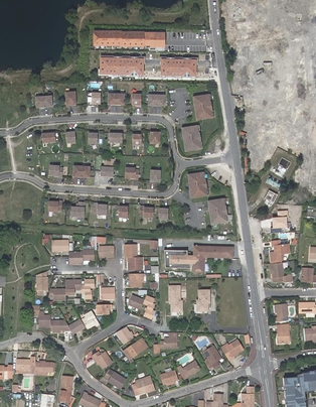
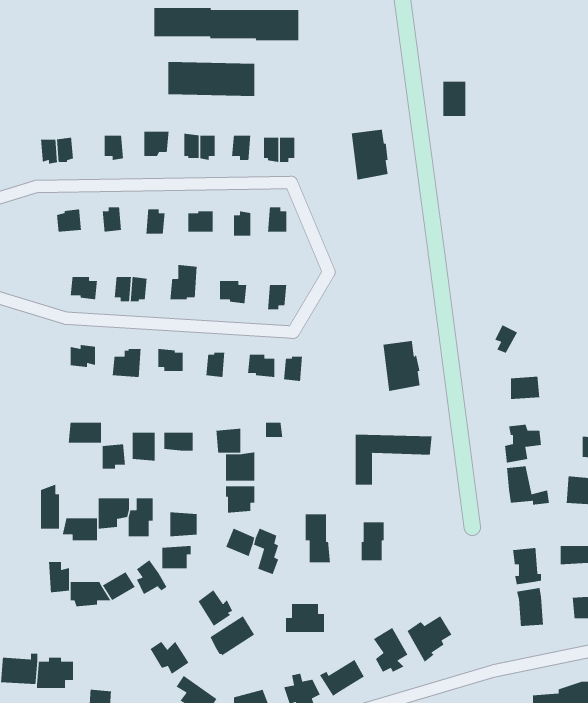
building: [161,59,196,77] -> none
building: [181,125,200,151] -> none
building: [188,174,207,199] -> none

